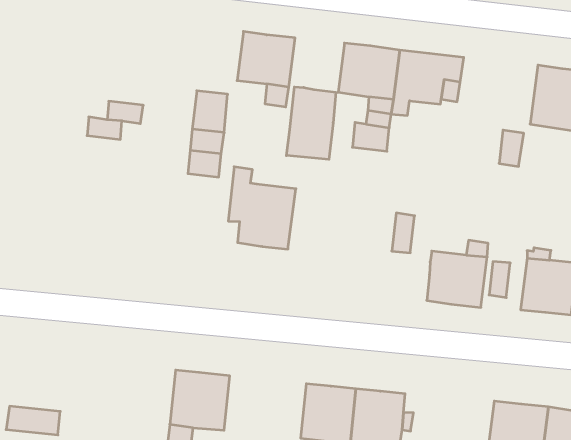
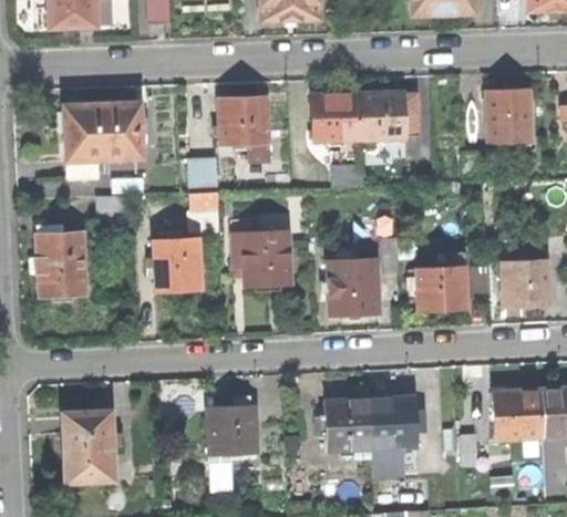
building: none -> [64,102,142,177]
building: [286,87,336,159] -> none
building: none -> [34,231,85,297]
building: none -> [153,237,202,292]
building: none -> [329,258,379,316]
building: none -> [61,411,112,461]

